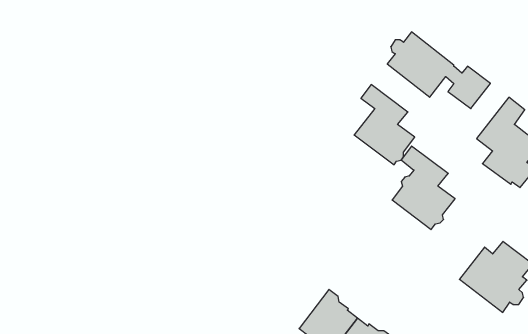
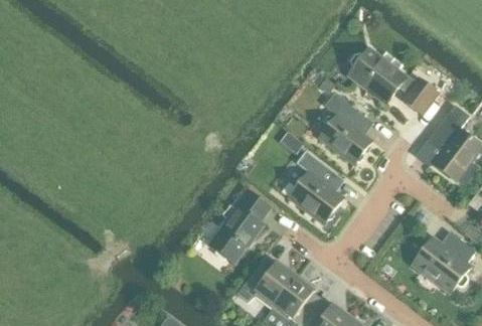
building: [392,146,455,230] -> [289,151,344,224]
building: none -> [209,187,271,264]
building: none -> [236,256,297,308]

